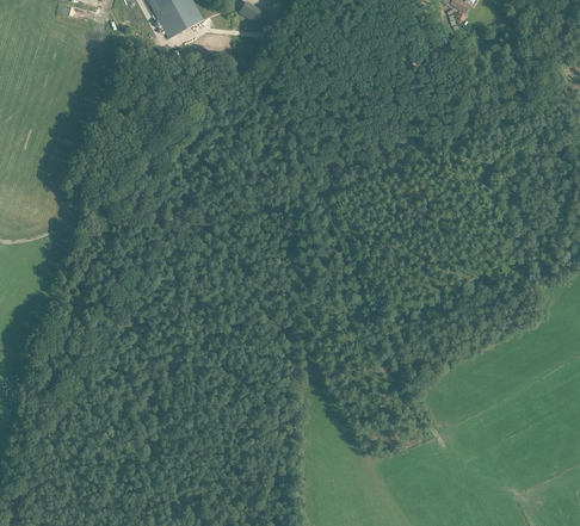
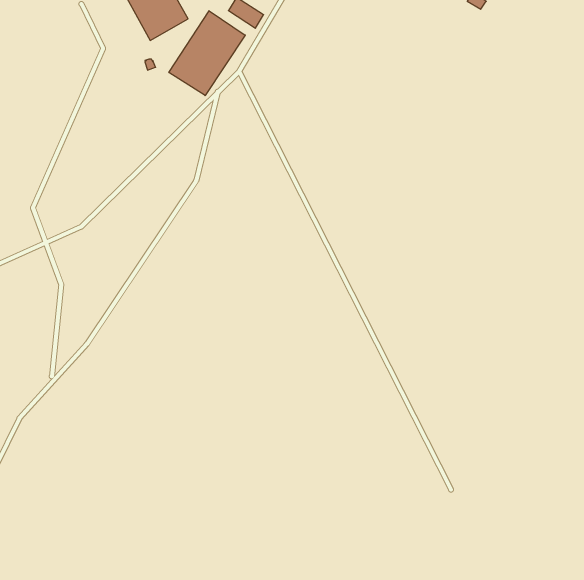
building: none -> [169,11,245,96]

